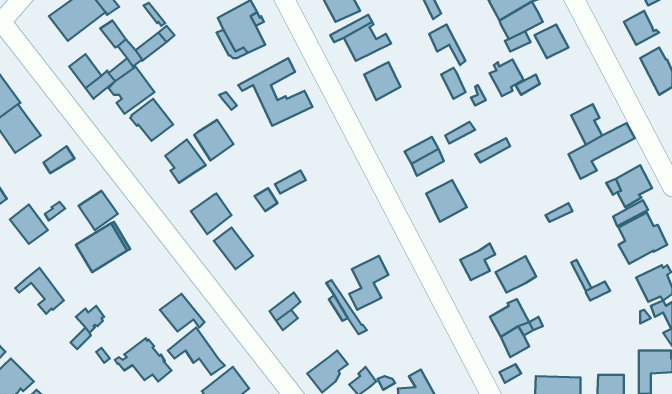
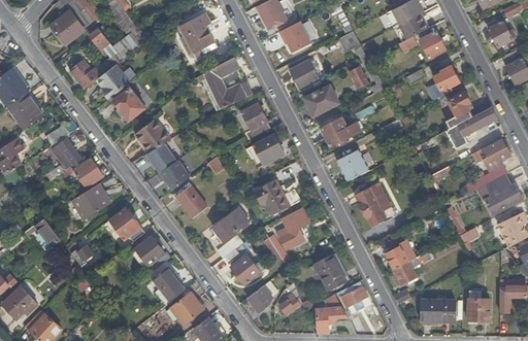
building: [490,60,523,96] -> [434,66,460,94]
building: none -> [305,84,339,115]
building: none -> [241,103,270,139]
building: [194,120,233,160] -> [146,142,176,173]
building: none -> [253,133,284,164]
building: [10,205,48,244] -> [52,138,80,168]
building: none -> [253,178,289,214]
building: none -> [212,207,249,241]
building: [496,256,536,293] -> [356,182,387,210]
building: none -> [231,253,263,284]
building: none -> [315,253,346,289]
building: [115,338,172,381] -> [102,207,145,240]
building: none -> [336,281,366,307]

